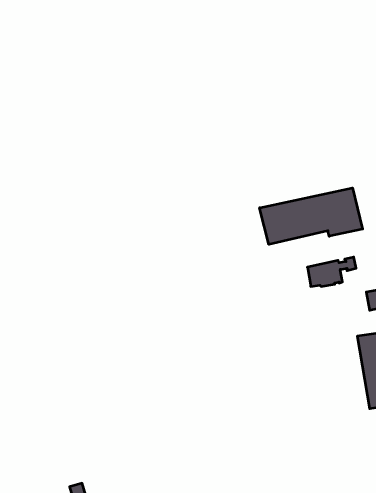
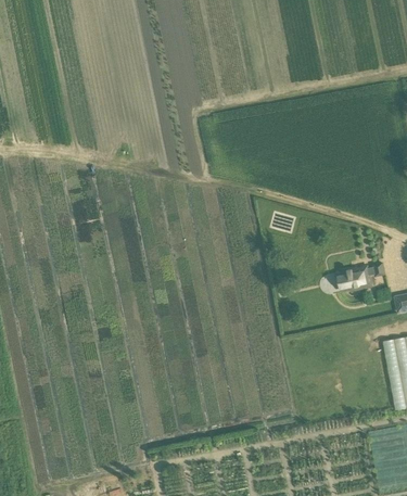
building: [260,188,363,244] -> none

